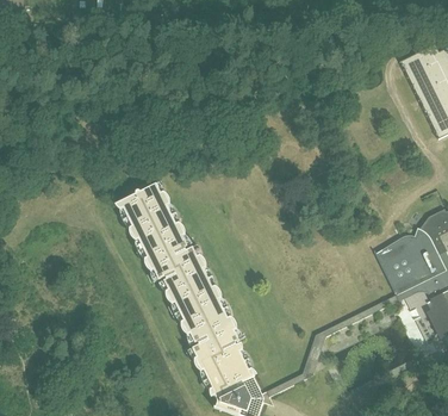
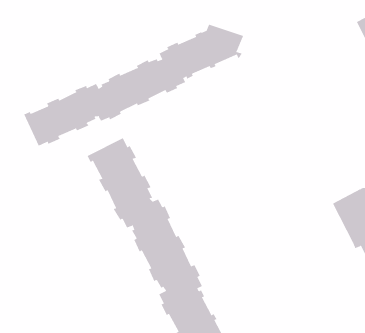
building: none -> [23,24,244,147]

